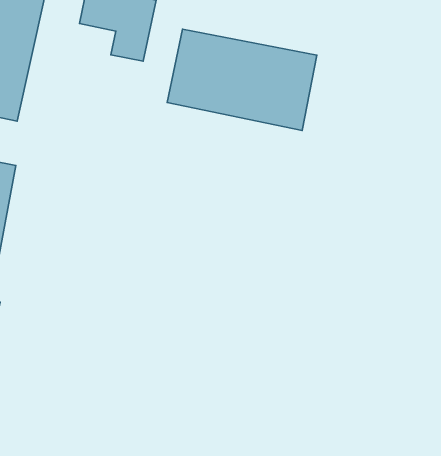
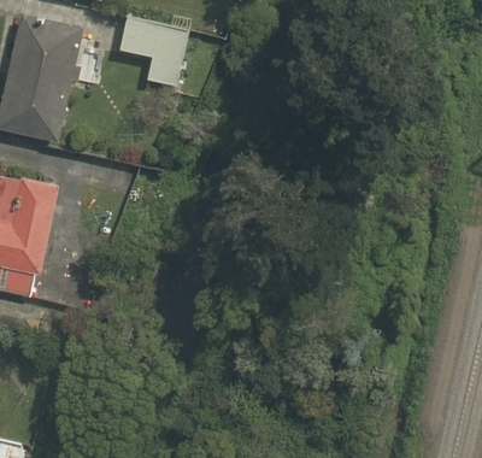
building: [167,29,317,131] -> none

